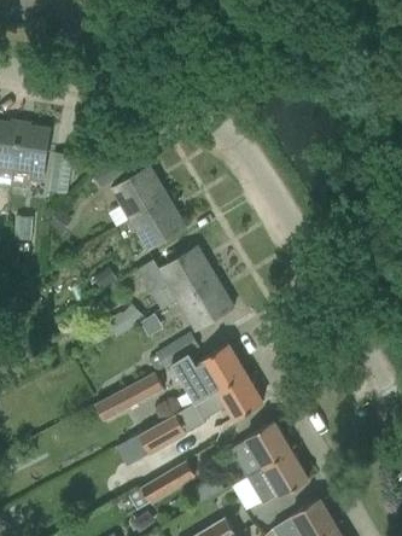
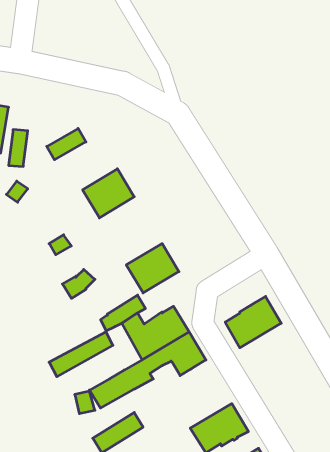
building: [107,165,168,227] -> none
building: [138,245,216,308] -> none
building: [231,420,291,476] -> [225,296,281,348]

